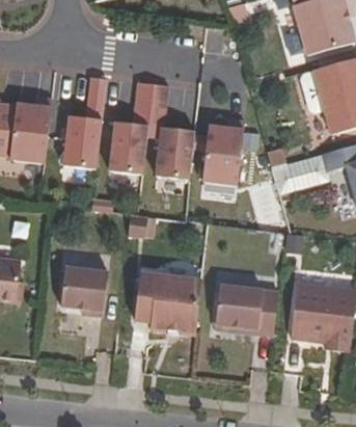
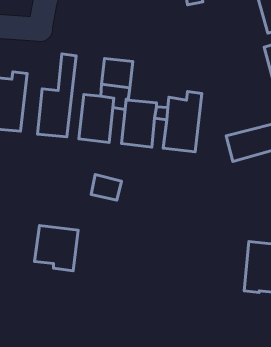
building: [134,272,200,332] -> none
building: [214,285,278,336] -> none

